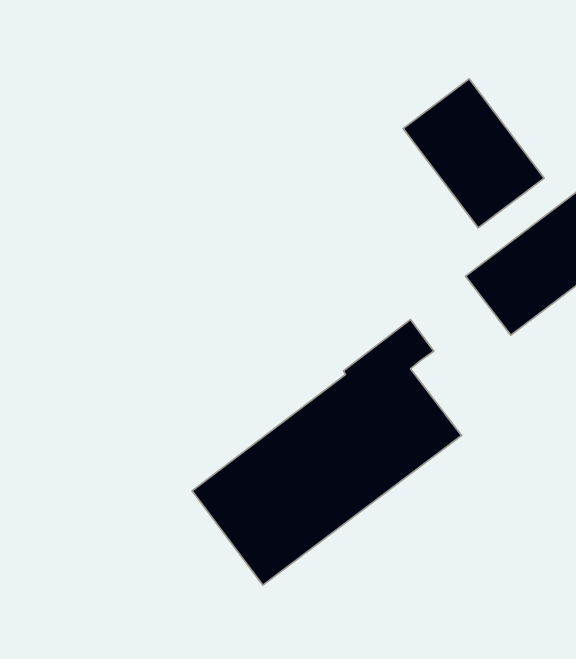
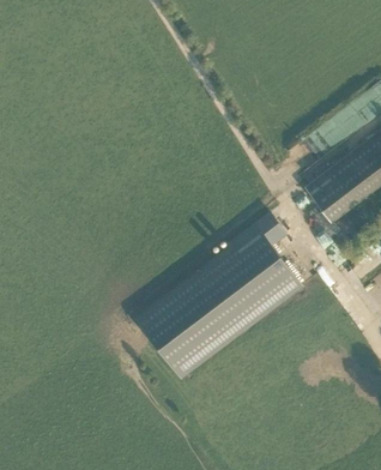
building: [403,79,544,228] -> none

